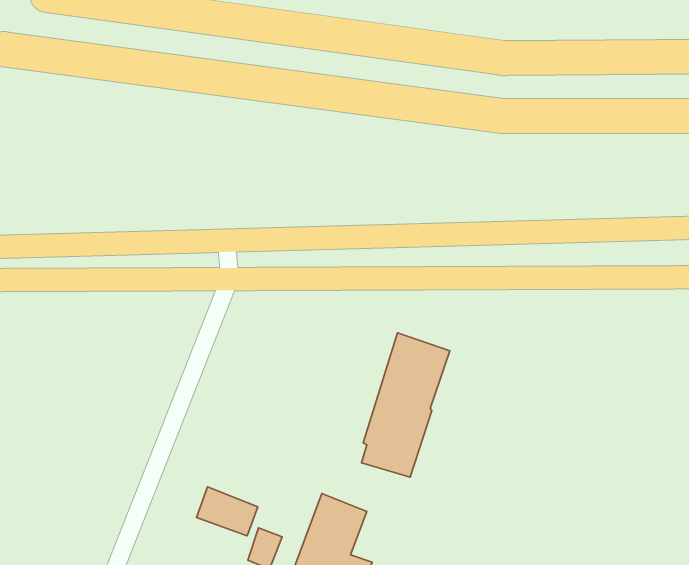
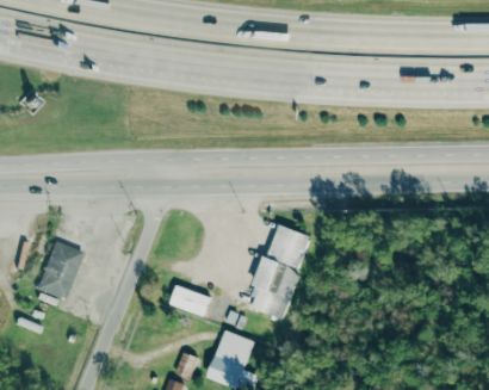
building: none -> [37,241,83,299]
building: [197,487,258,536] -> [169,284,210,316]

